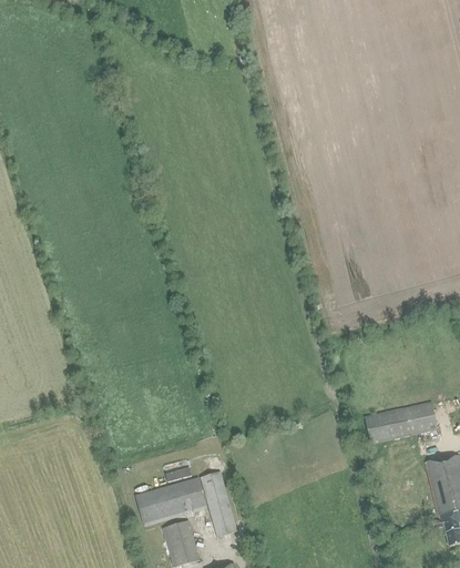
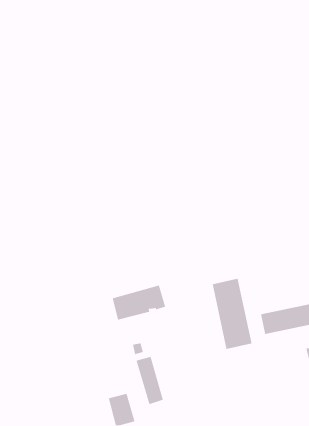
building: none -> [212,278,252,350]
building: [134,477,206,525] -> [112,284,166,320]

